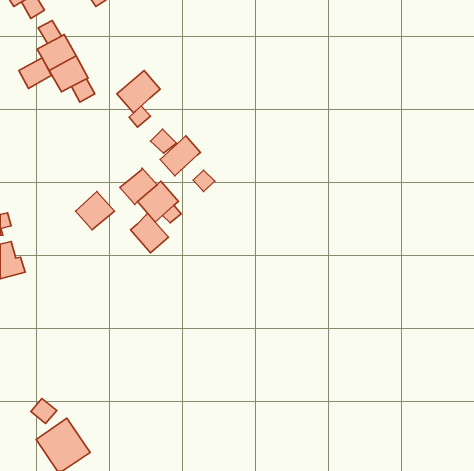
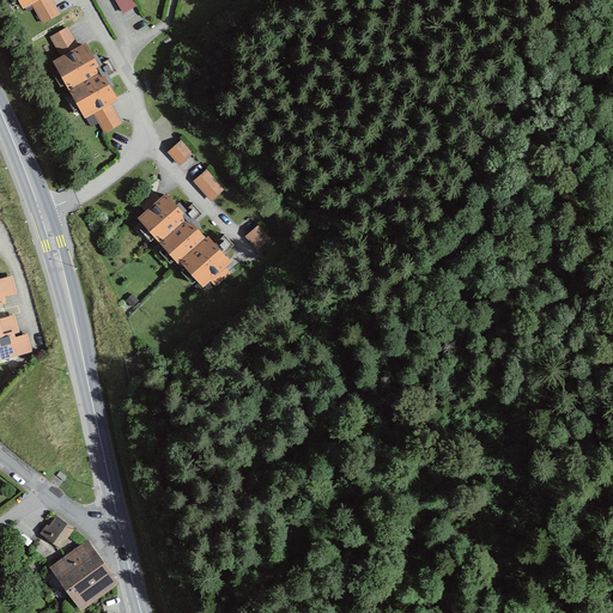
building: [19,58,52,88] -> none
building: [117,70,160,113] -> none
building: [160,136,200,176] -> none
building: [75,192,114,230] -> [133,194,183,243]
building: [131,213,169,253] -> none

